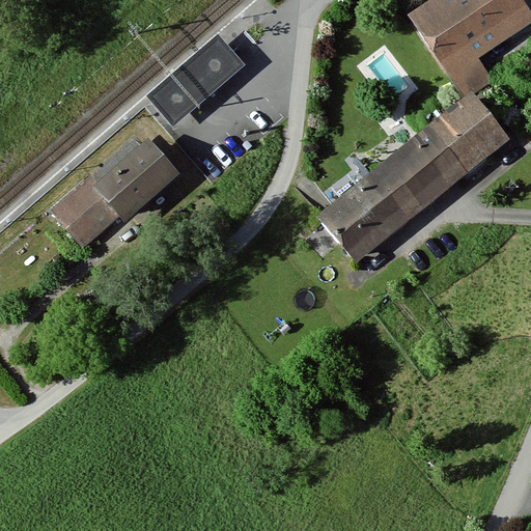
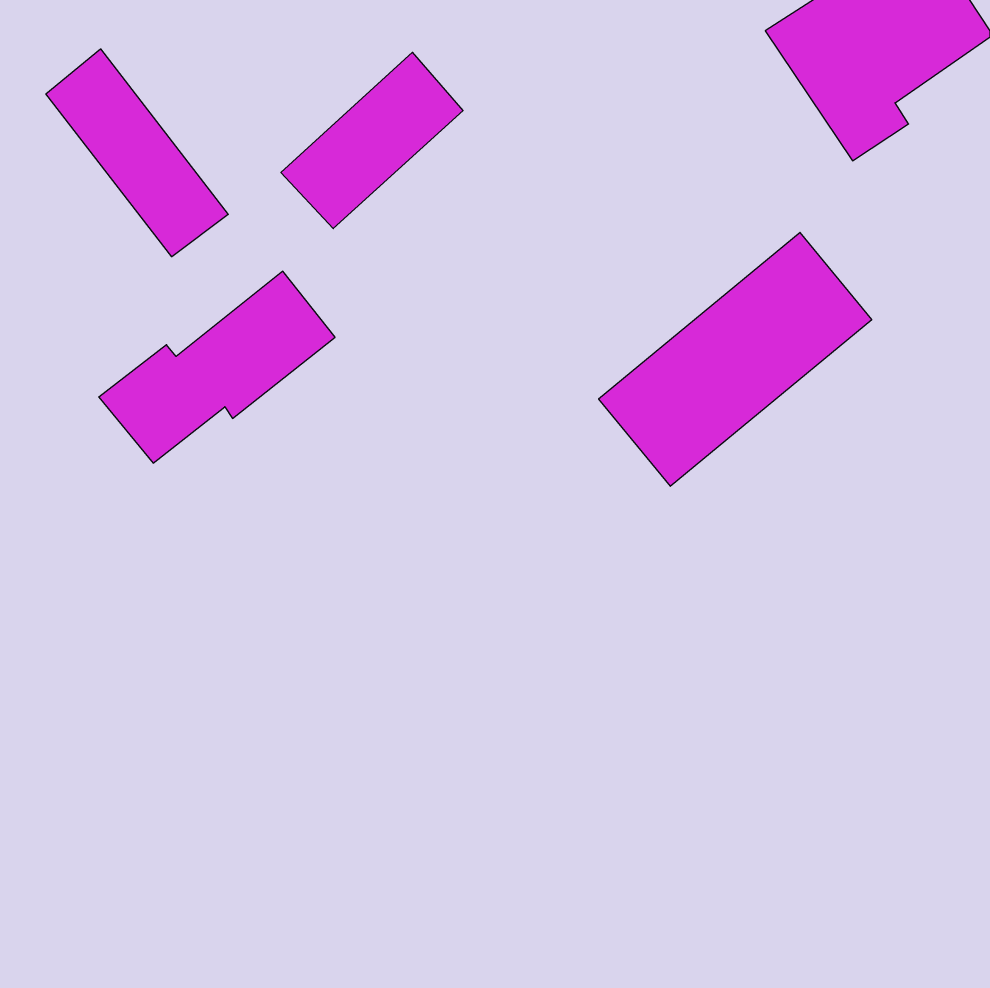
building: none -> [46,49,228,257]
building: [428,90,508,171] -> none

